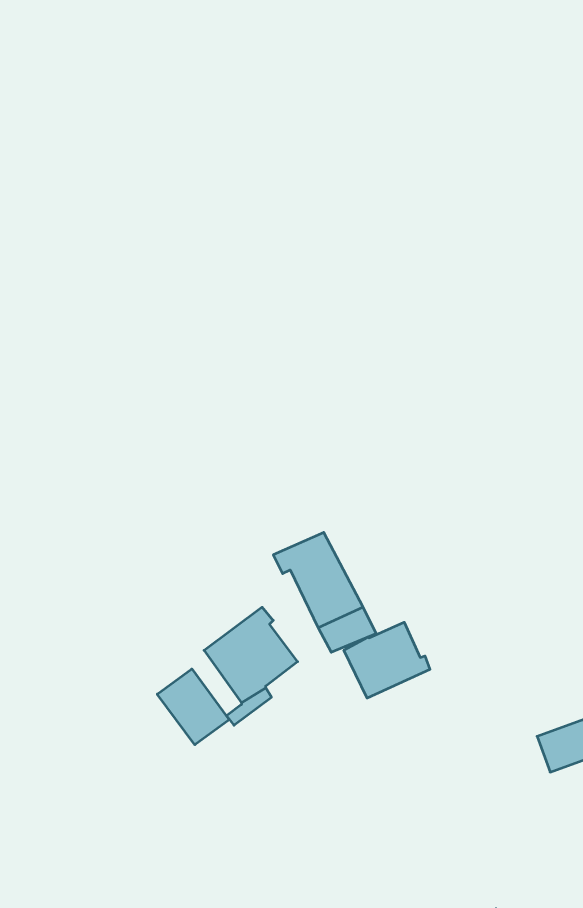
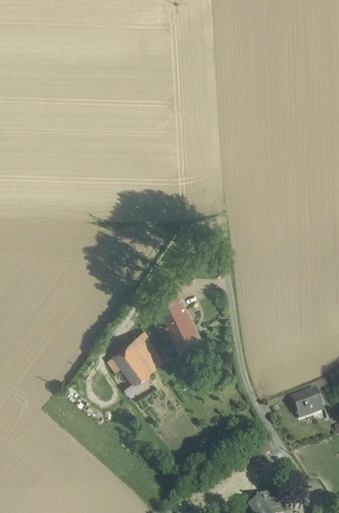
building: [344,622,430,698] -> none
building: [157,669,229,745] -> none

